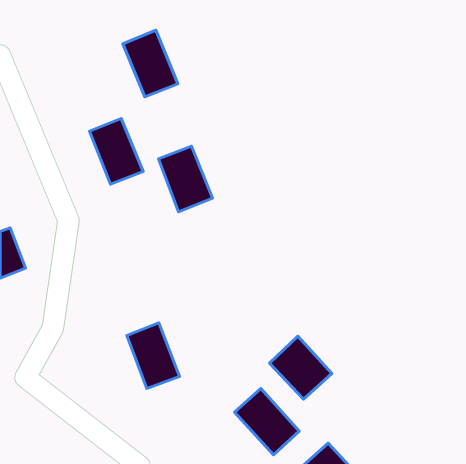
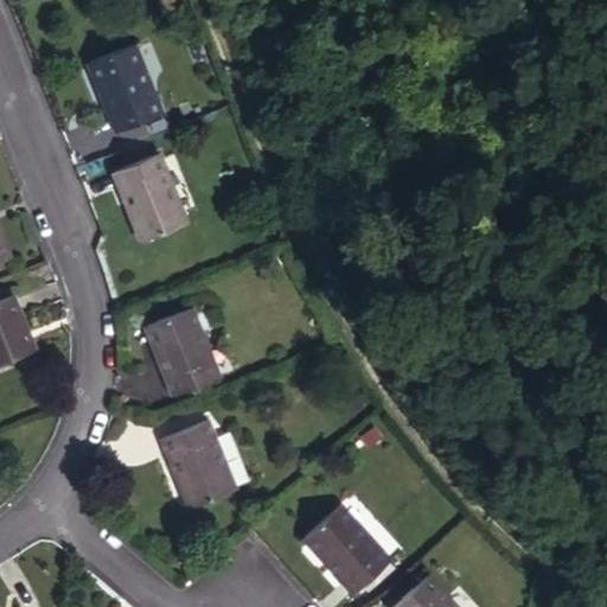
building: [123,30,178,97] -> [90,46,161,133]
building: [159,146,212,212] -> [148,311,218,396]
building: [270,336,332,399] -> none

